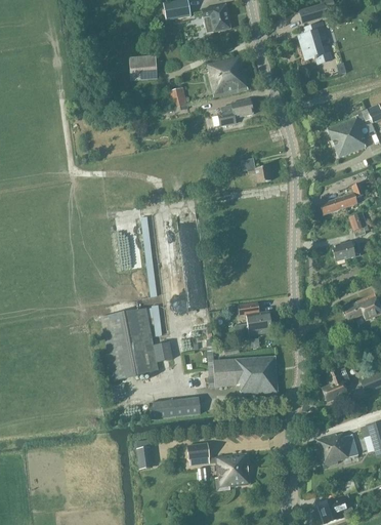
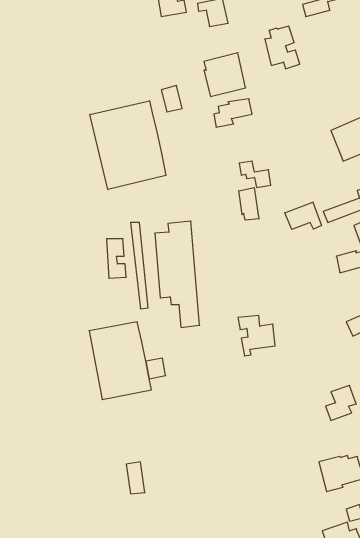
building: [299,23,332,63] -> [265,26,300,69]
building: [132,58,160,82] -> none
building: none -> [90,101,166,190]
building: none -> [239,188,259,220]
building: none -> [285,202,322,229]
building: [215,355,279,394] -> none
building: [150,397,202,418] -> none
building: [188,442,251,490] -> none

